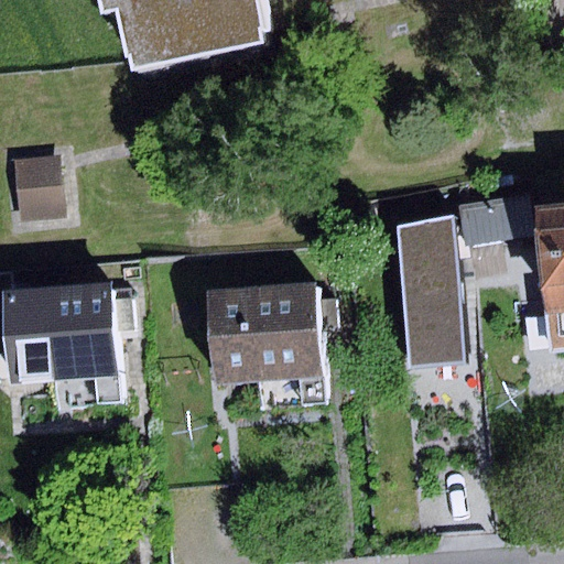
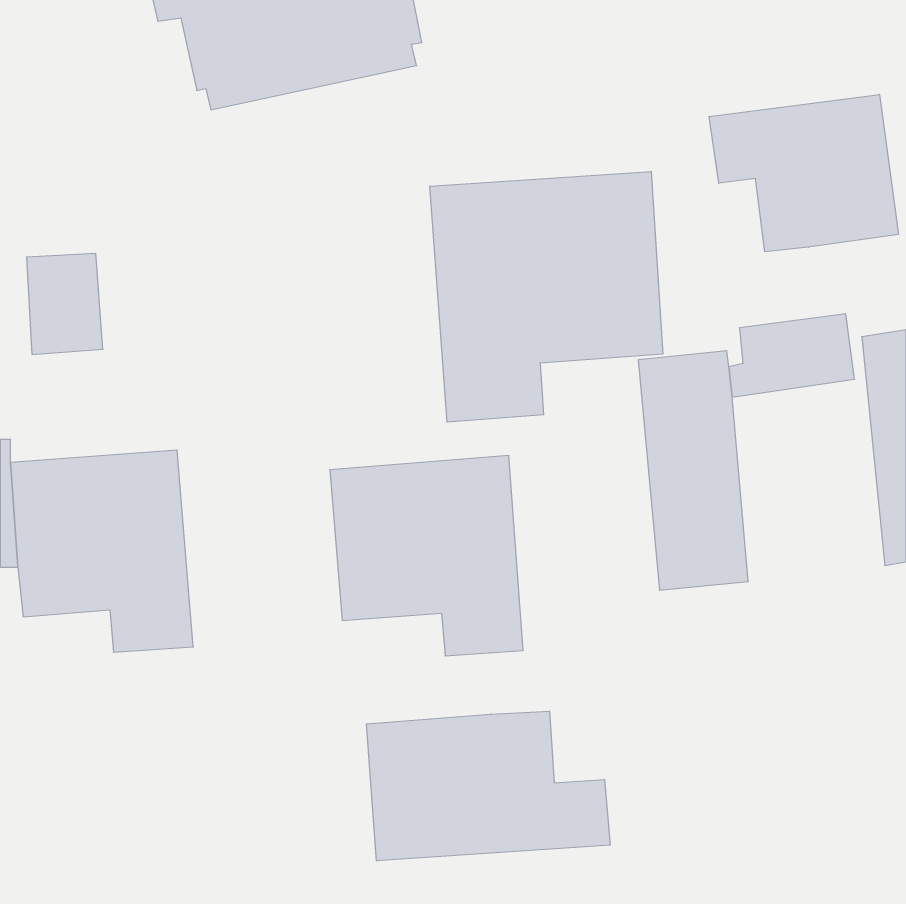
building: none -> [709,94,898,252]
building: none -> [430,171,663,422]
building: none -> [367,711,610,861]

